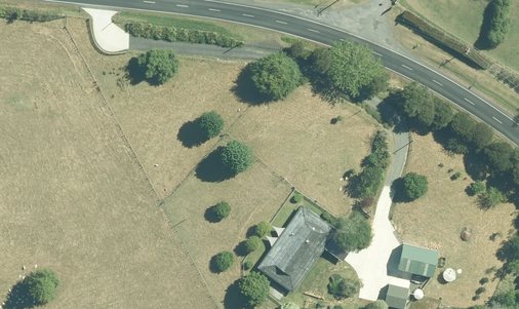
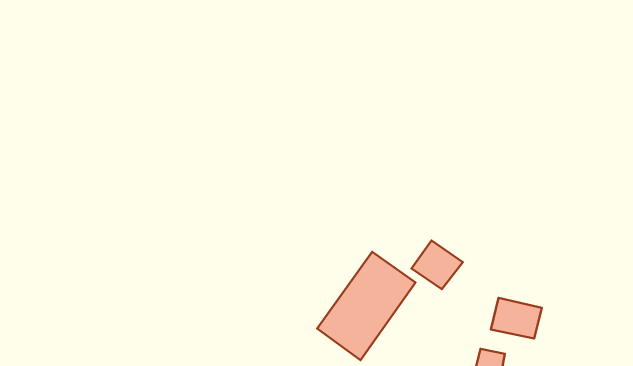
building: none -> [412,240,463,289]

